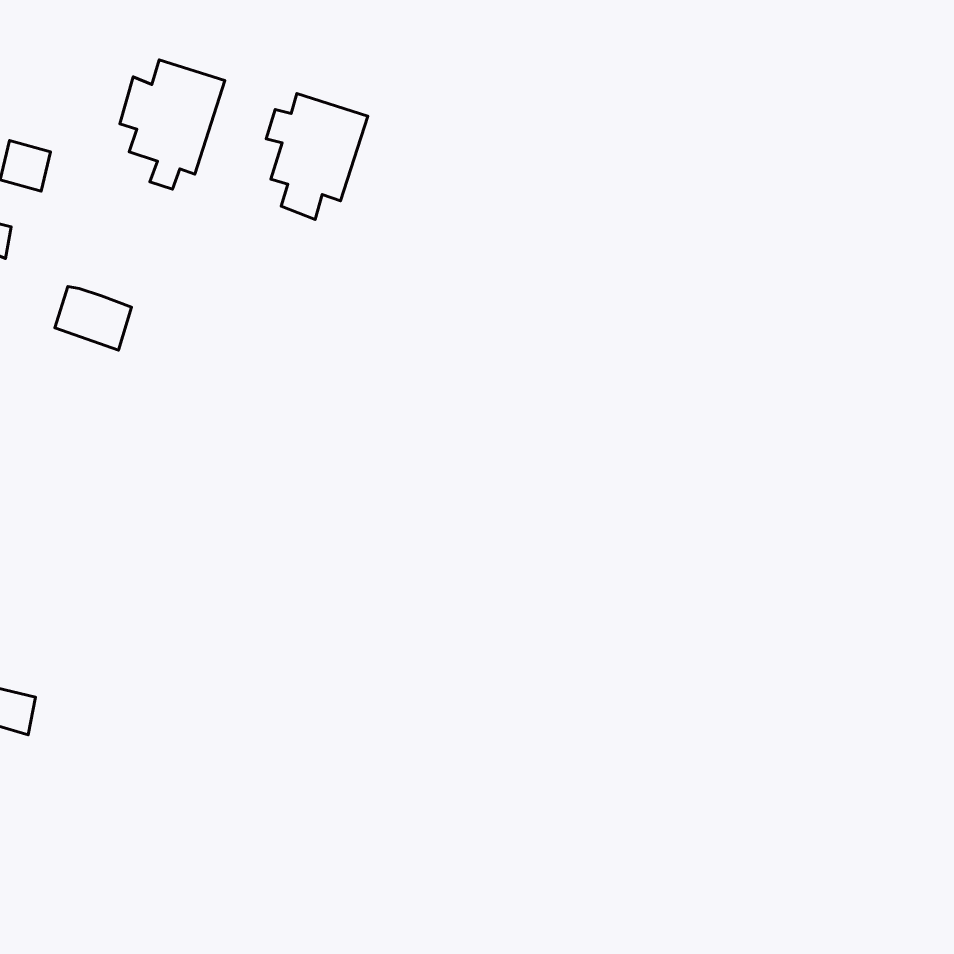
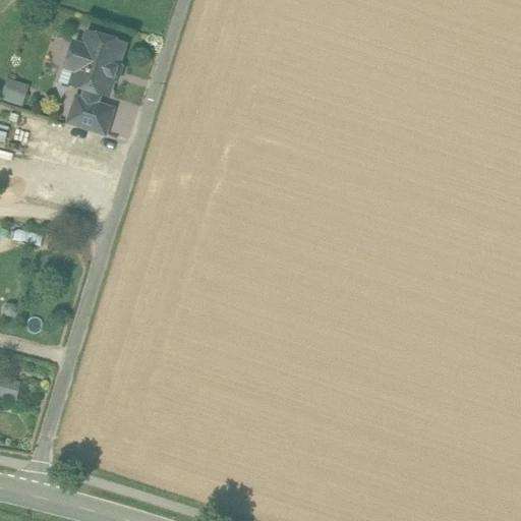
building: [266,94,368,220] -> none
building: [55,287,132,350] -> [68,98,110,132]

